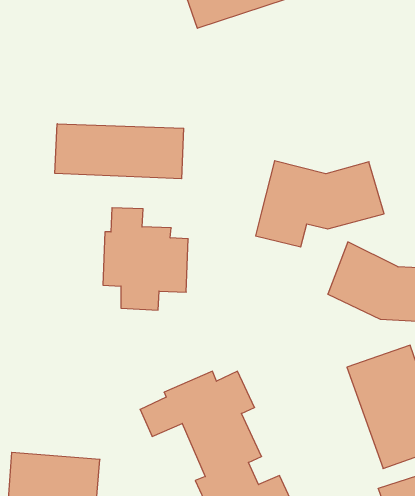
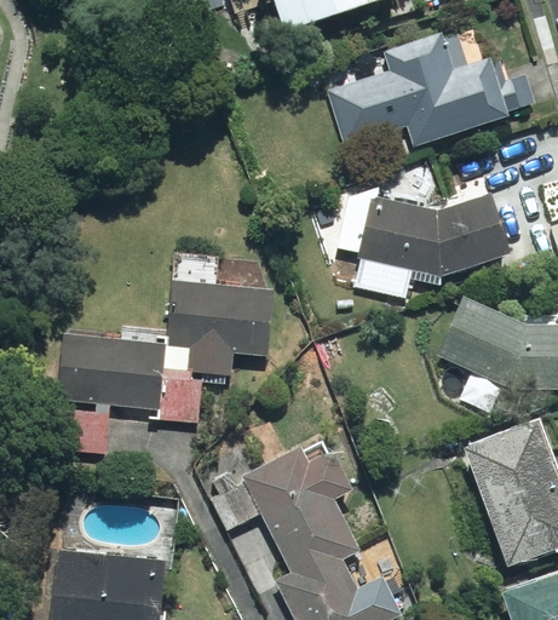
building: none -> [328,24,513,148]
building: [55,124,184,179] -> none
building: none -> [54,327,203,450]

